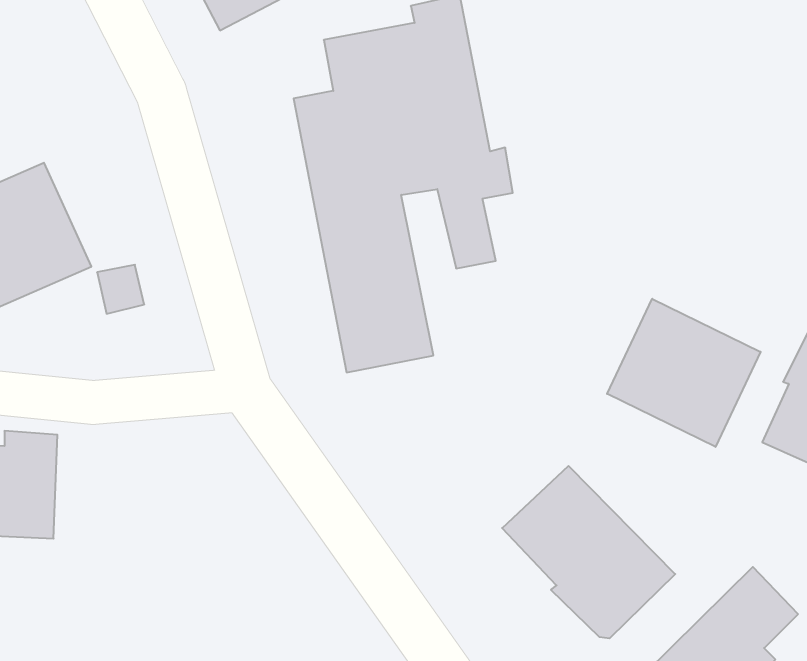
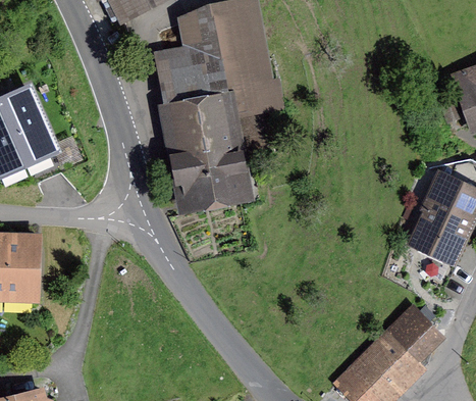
building: [607,299,761,447] -> none
building: [502,466,675,638] -> none

